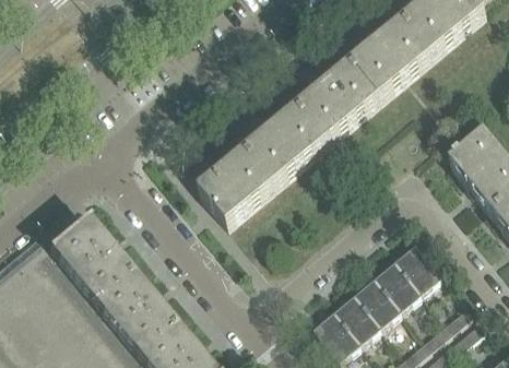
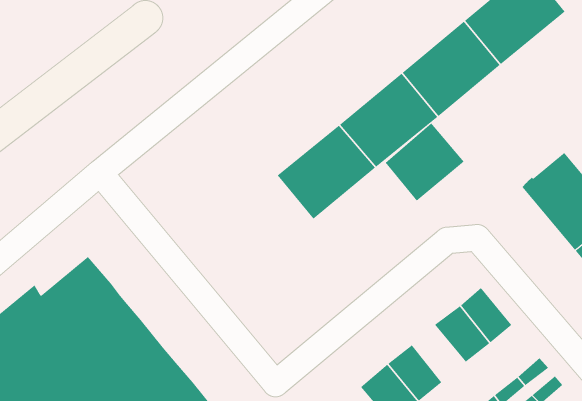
building: none -> [385,122,465,202]
building: [200,149,276,224] -> none
building: [359,274,404,322] -> none

